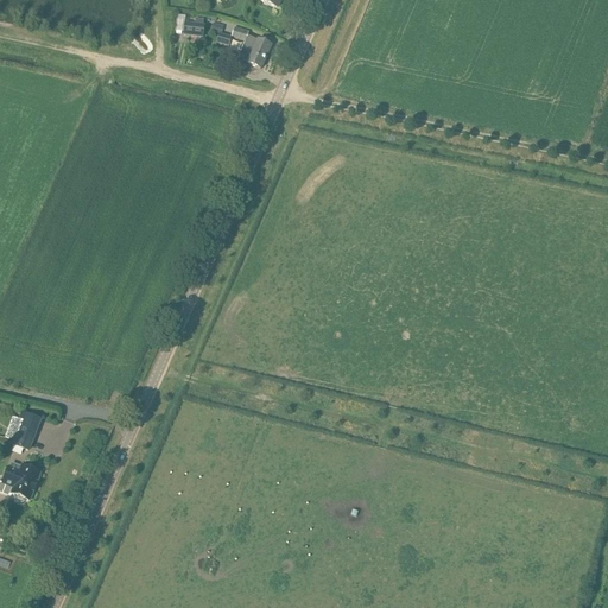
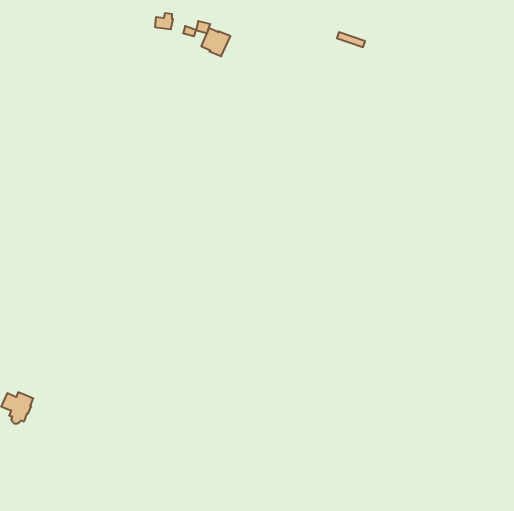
building: [10,410,39,448] -> none

